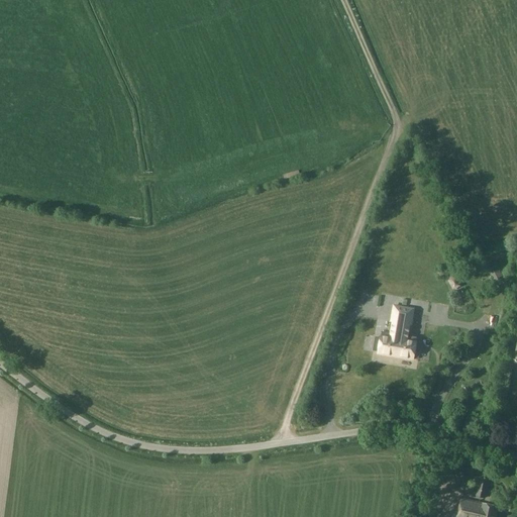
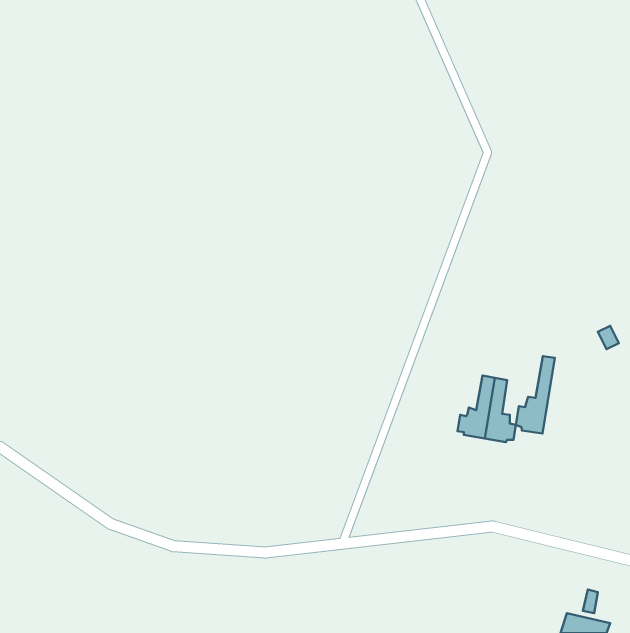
building: none -> [516,356,555,434]

